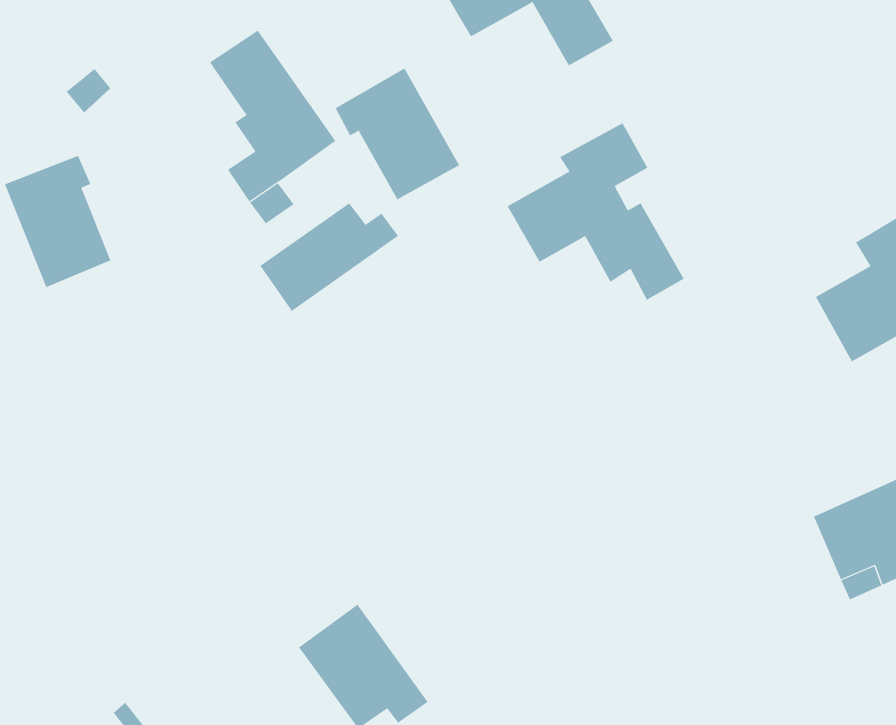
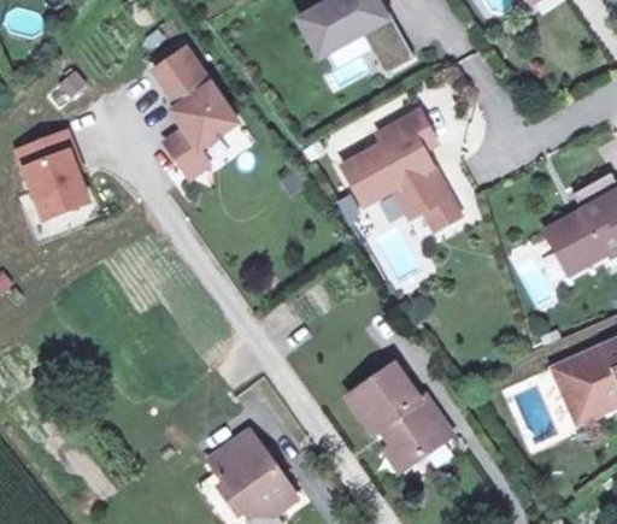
building: [335,68,460,200] -> none
building: [259,203,399,312] -> none
building: none -> [346,361,446,459]

